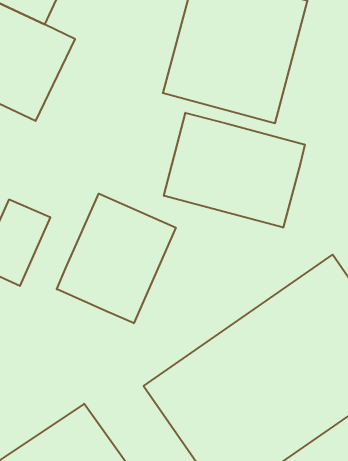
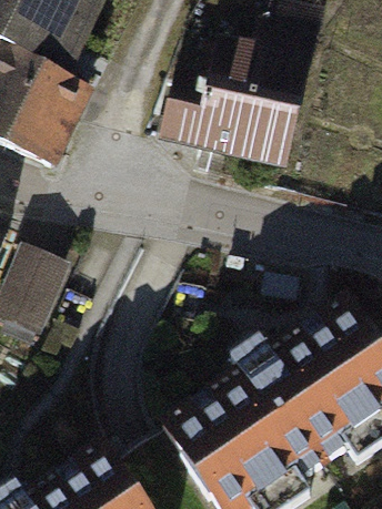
building: [164,113,305,228] -> none
building: [57,194,176,323] -> none

